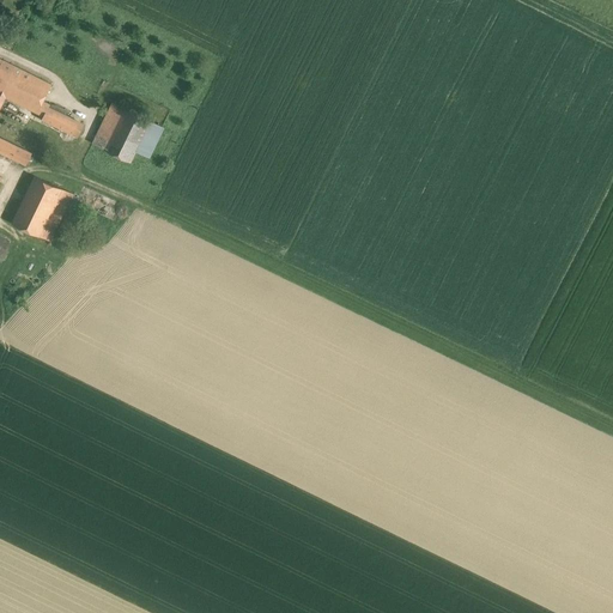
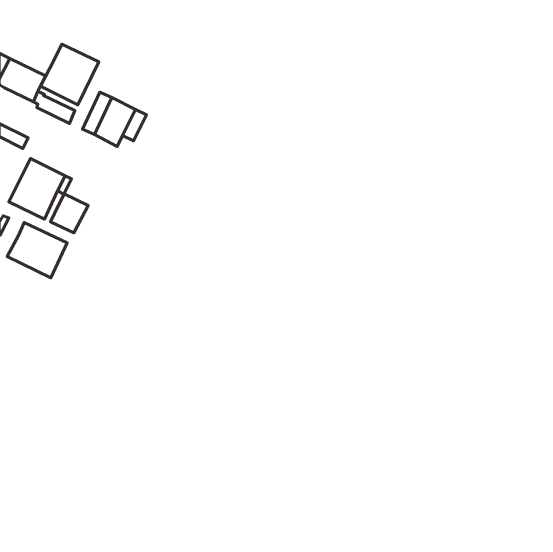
building: none -> [40,44,99,105]
building: none -> [51,194,88,233]
building: none -> [7,223,67,278]

